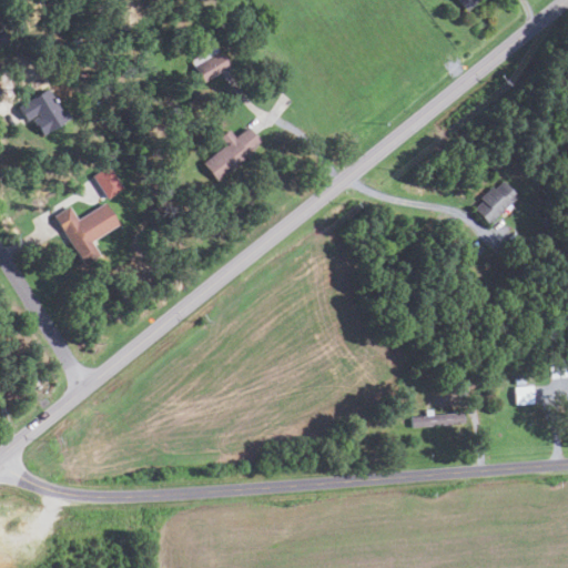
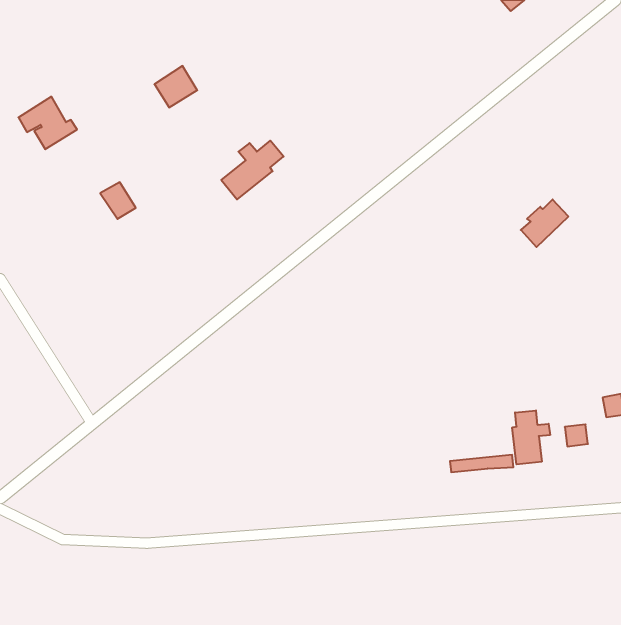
building: [192,44,231,82] -> [154,66,197,107]
building: [55,203,121,265] -> none
building: none -> [512,410,550,464]

